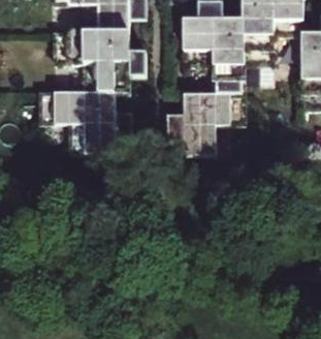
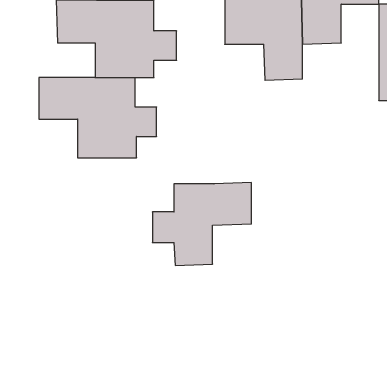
building: [168,89,245,153] -> [152,183,251,265]

